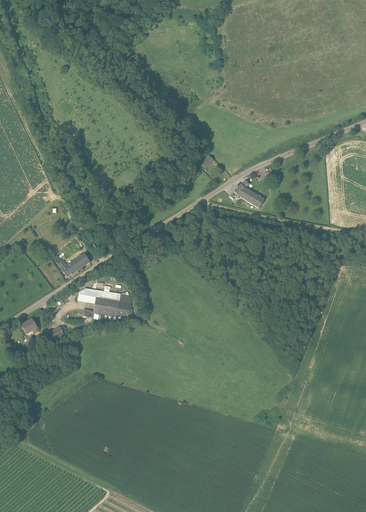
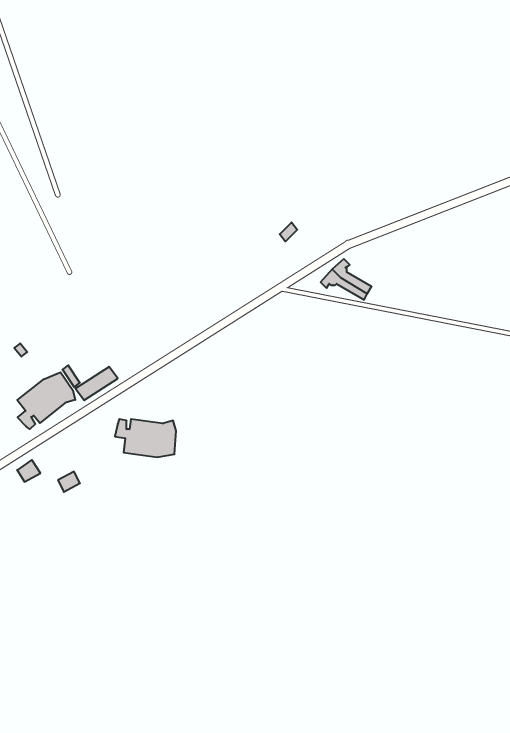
building: none -> [17,372,75,429]

